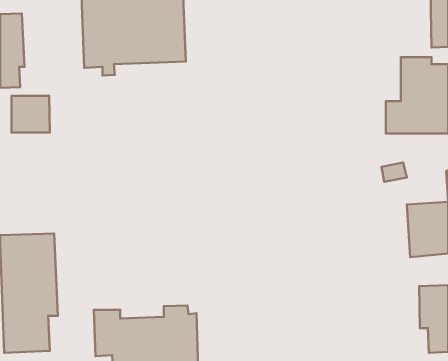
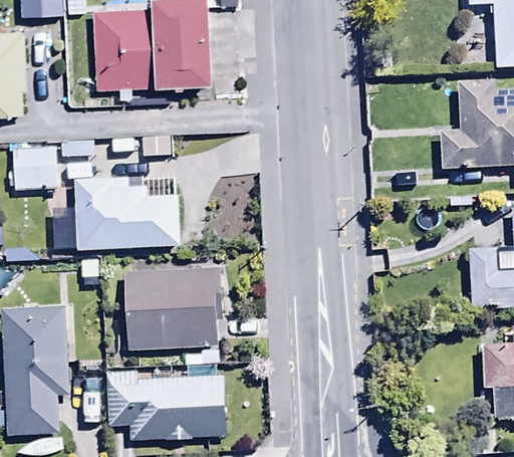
building: none -> [76,178,182,249]
building: none -> [124,268,220,352]

